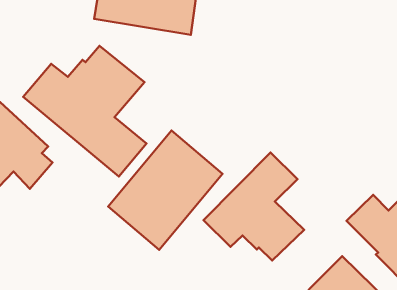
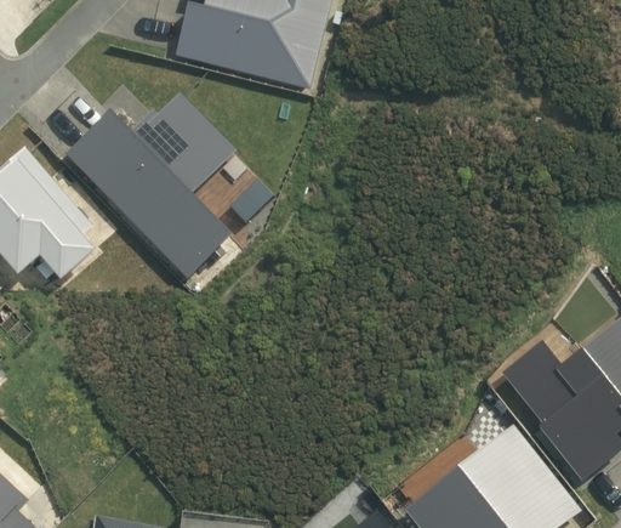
building: [108,130,223,250] -> none
building: [204,153,304,260] -> none

